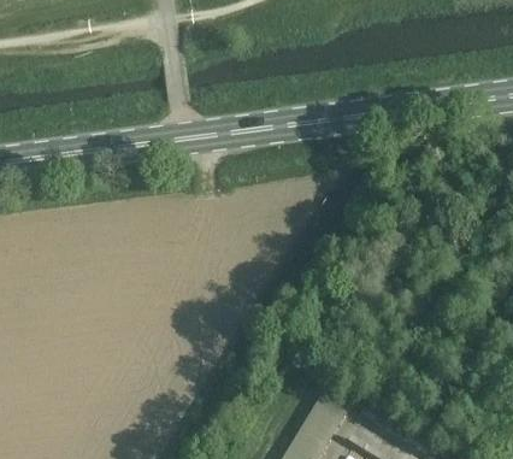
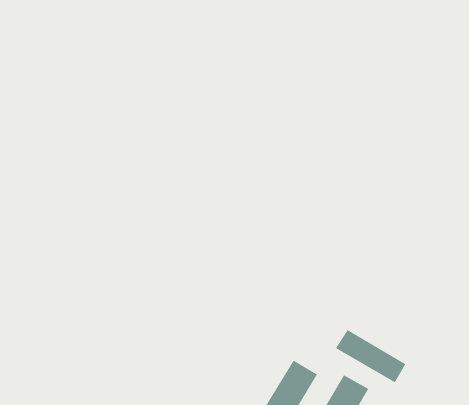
building: none -> [335,329,406,383]

